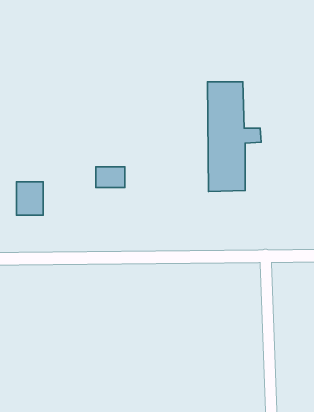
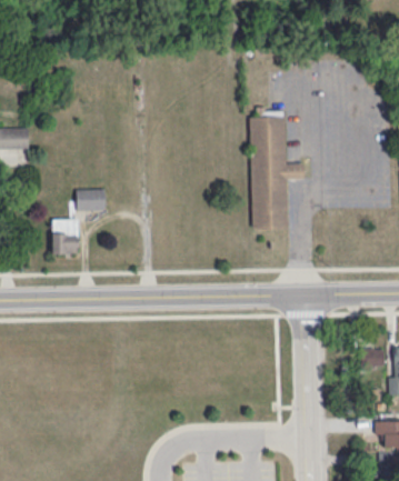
building: [96,167,125,187] -> [76,189,106,210]

